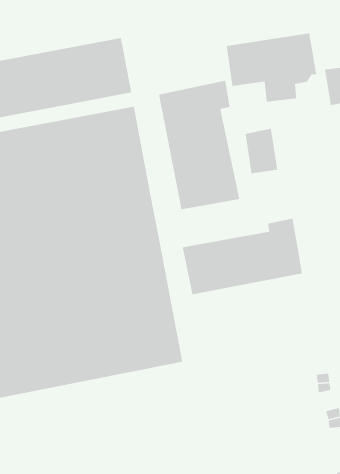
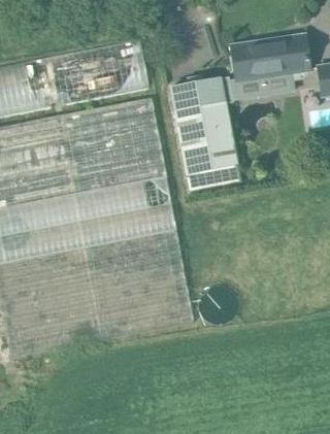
building: [244,128,278,174] -> none
building: [182,218,303,295] -> none

